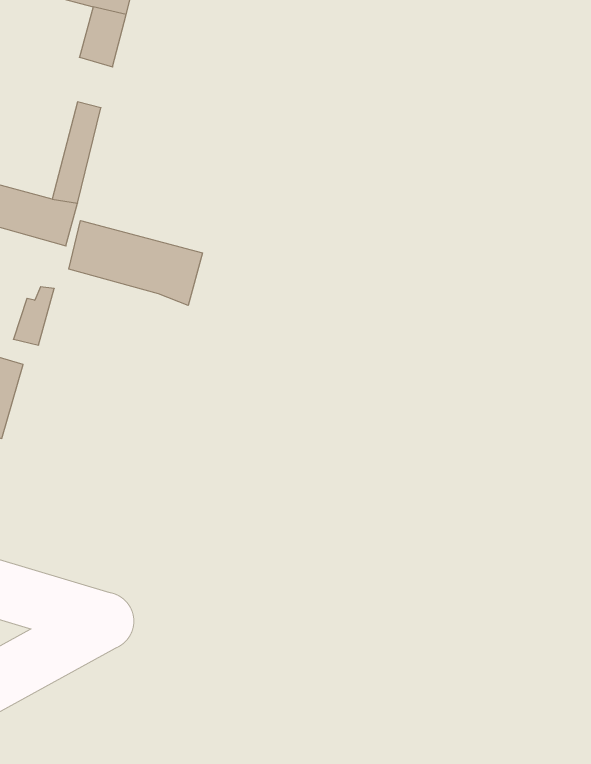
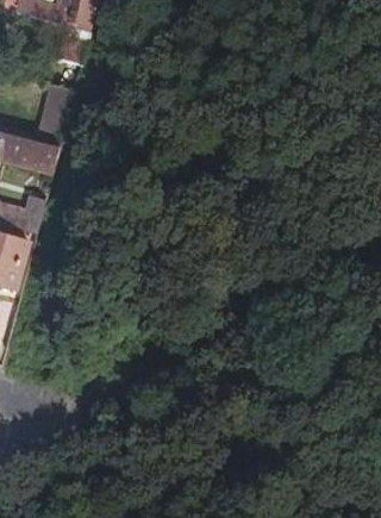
building: [69,221,202,305] -> none

